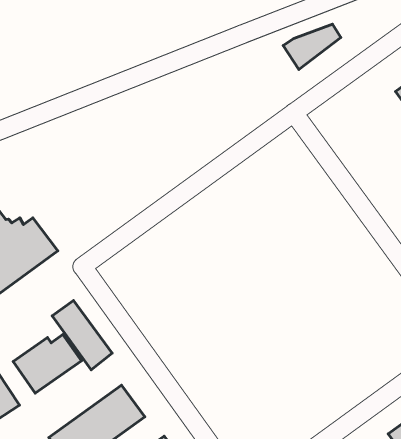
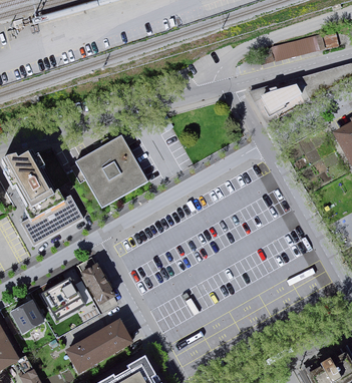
building: none -> [75,133,148,207]

